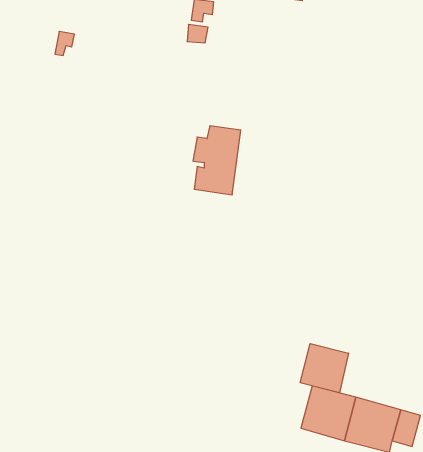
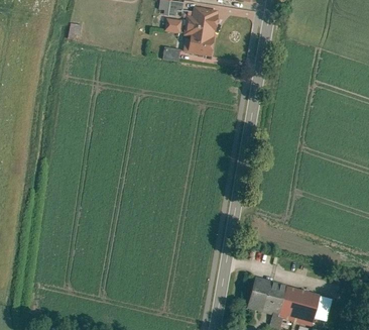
building: [193,126,241,195] -> [182,7,217,57]
building: [300,344,348,393] -> none

